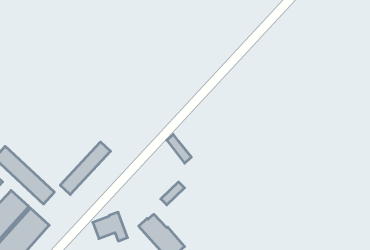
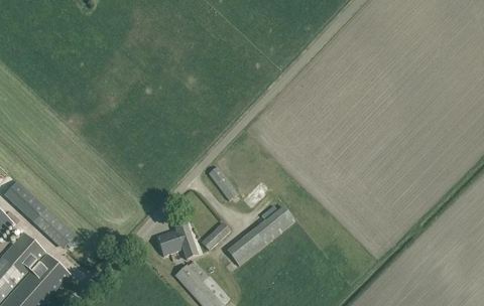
building: [60,142,111,195] -> none
building: none -> [226,206,294,266]
building: [93,212,128,241] -> [155,224,197,259]

